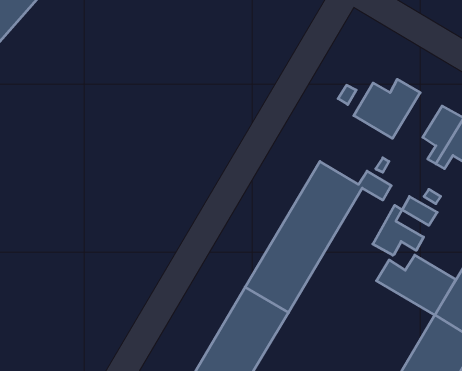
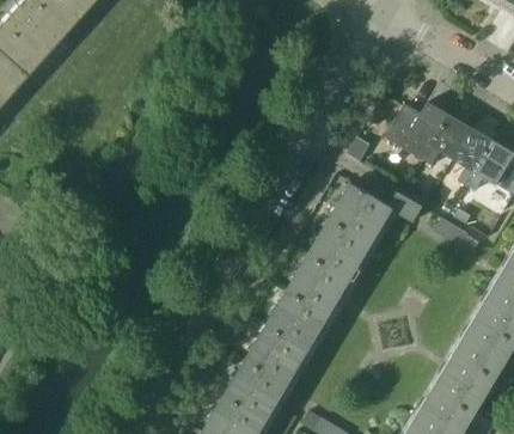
building: none -> [423,115,472,165]
building: [373,205,424,255] -> none
building: [376,255,456,315] -> none

